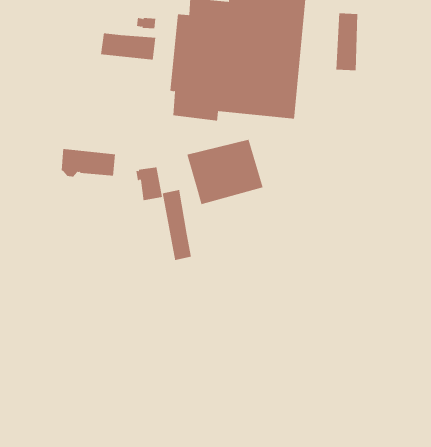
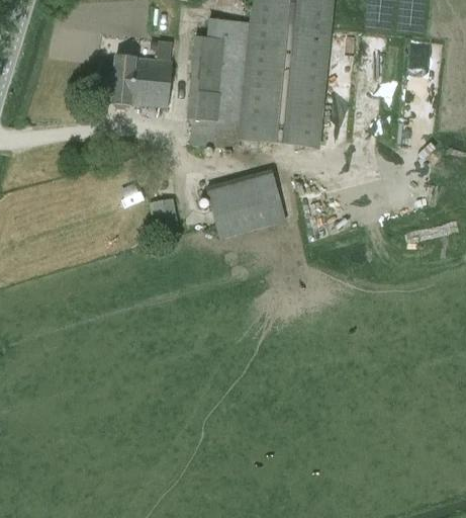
building: [61,149,116,177] -> [111,78,170,108]
building: [162,189,192,261] -> none

